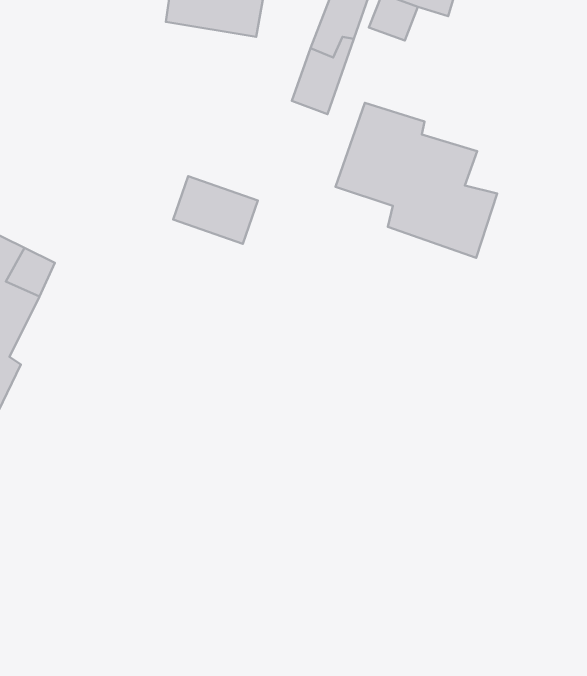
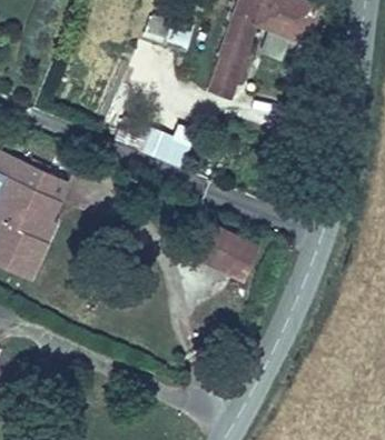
building: [335,103,497,258] -> none
building: none -> [192,221,257,272]

